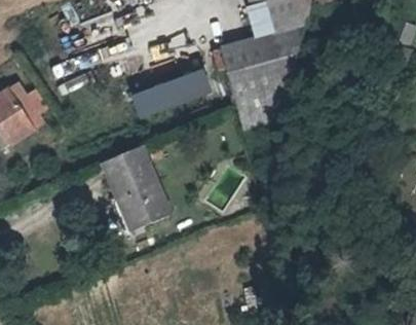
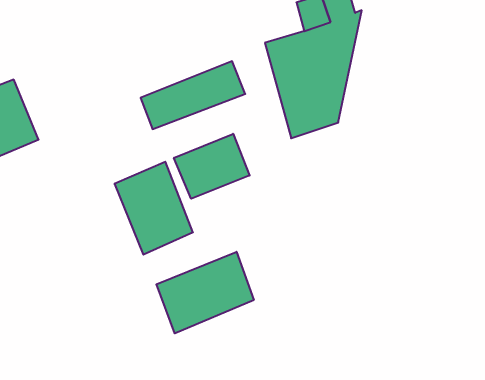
building: none -> [174,134,250,199]
building: none -> [156,252,254,333]

